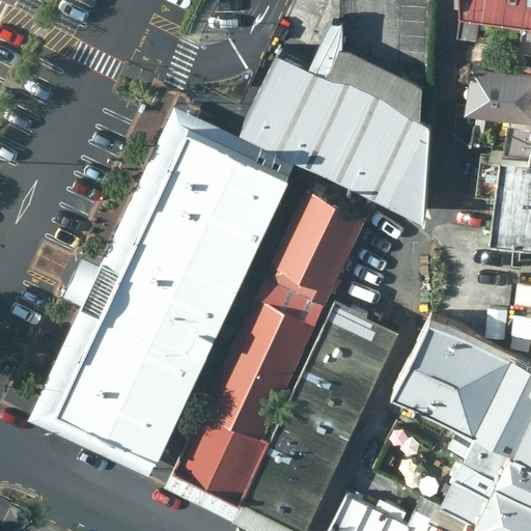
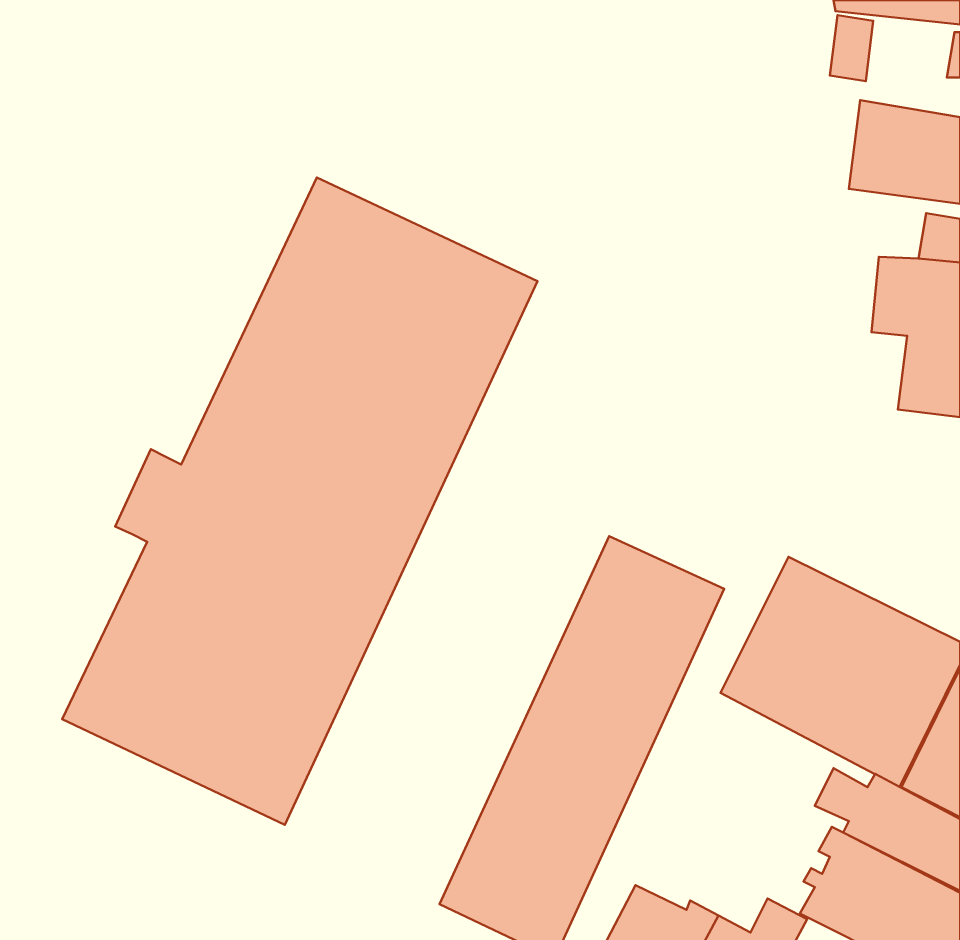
building: [245,21,434,219] -> none
building: [174,193,366,509] -> none

